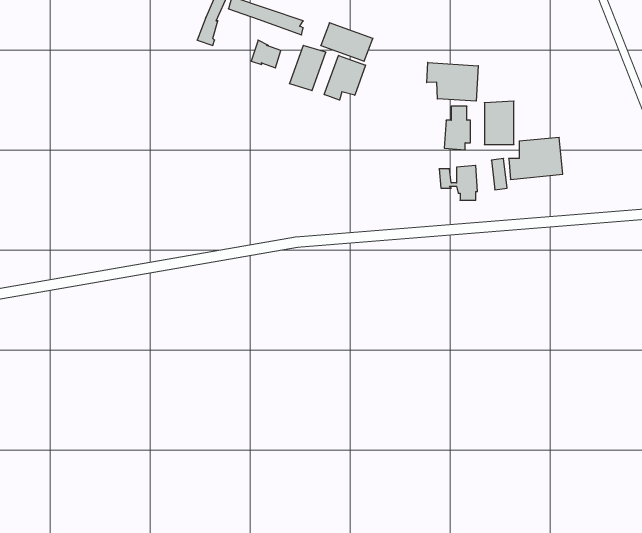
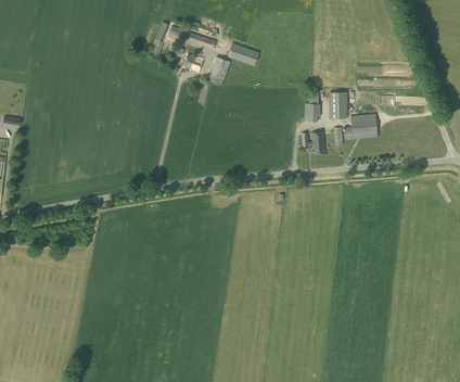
building: [324,55,366,100] -> none
building: [427,62,478,101] -> none

